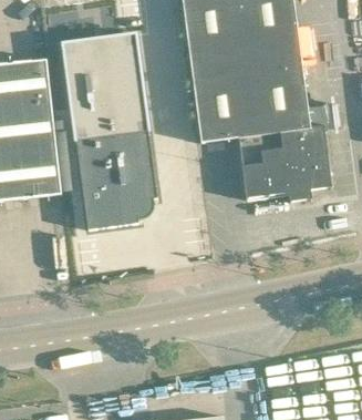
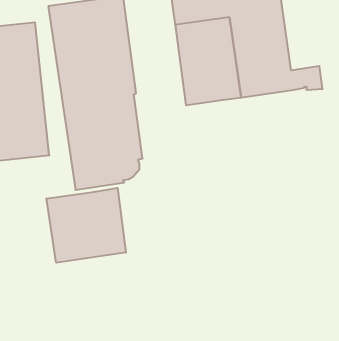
building: [238,124,331,203] -> none
building: none -> [47,188,126,263]

